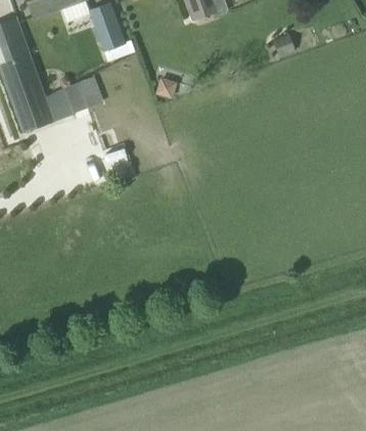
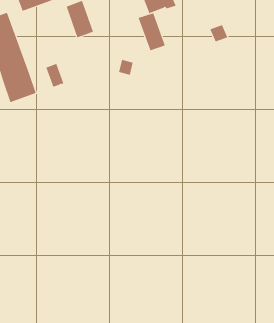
building: none -> [138,12,166,51]
building: [45,87,74,120] -> none

